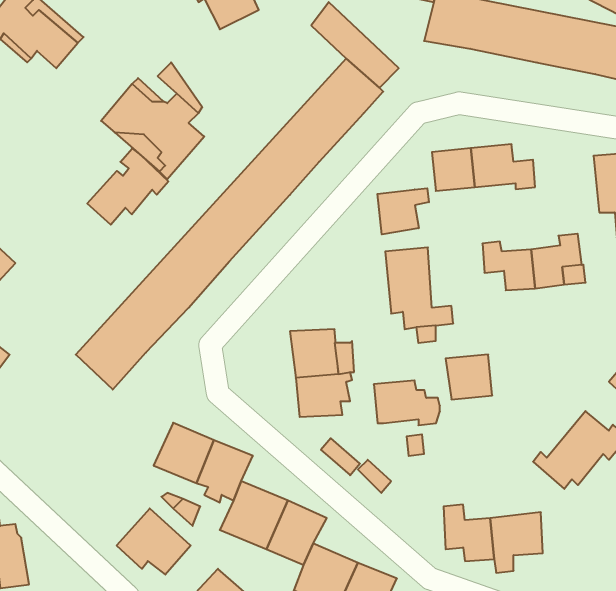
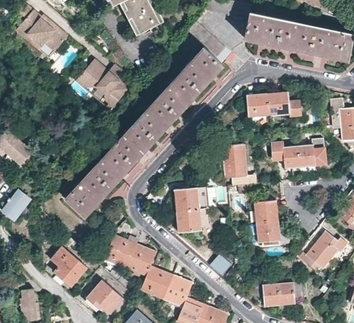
building: [87,148,168,225] -> none
building: [377,188,429,234] -> none
building: [374,380,440,425] -> [257,221,291,244]
building: none -> [49,245,87,286]

